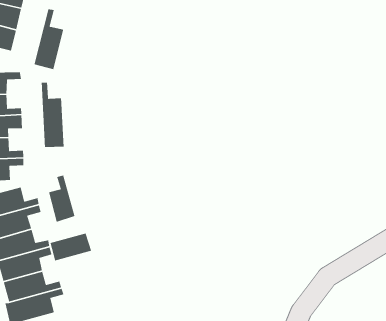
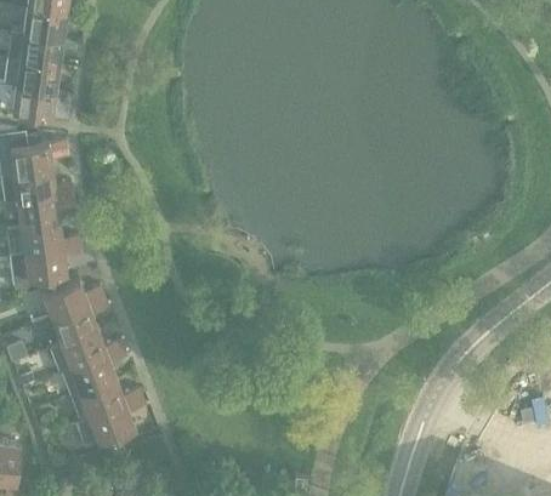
building: [33,8,64,70] -> none
building: [41,82,64,148] -> none
building: [48,174,75,223] -> none
building: [50,232,92,262] -> none

